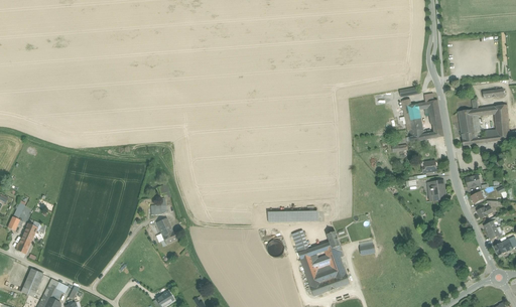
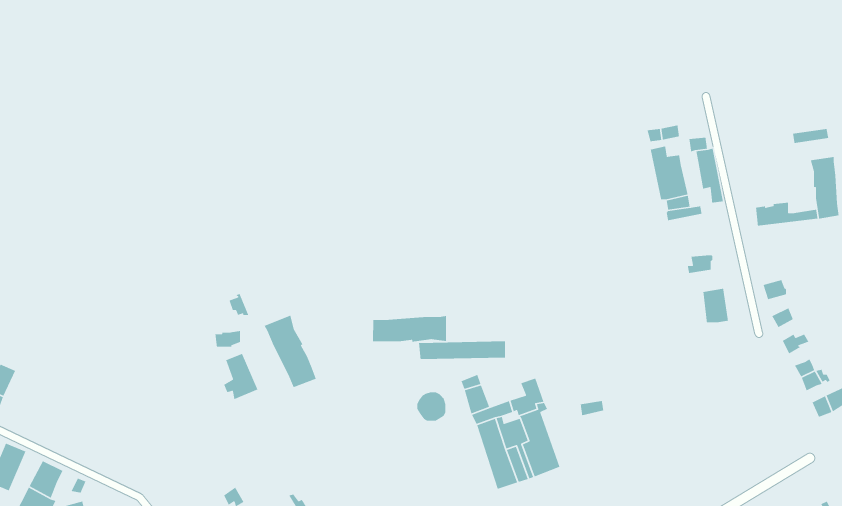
building: [457,107,489,134] -> none
building: none -> [263,315,317,388]
building: none -> [372,315,447,342]

